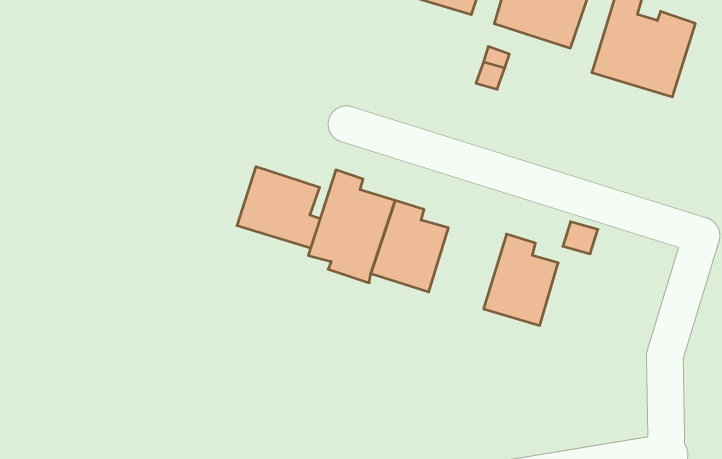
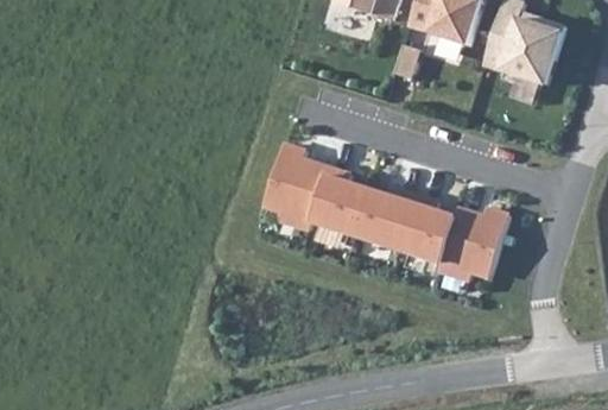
building: [237,167,320,248] -> none
building: none -> [355,184,416,250]
building: none -> [438,204,511,279]

